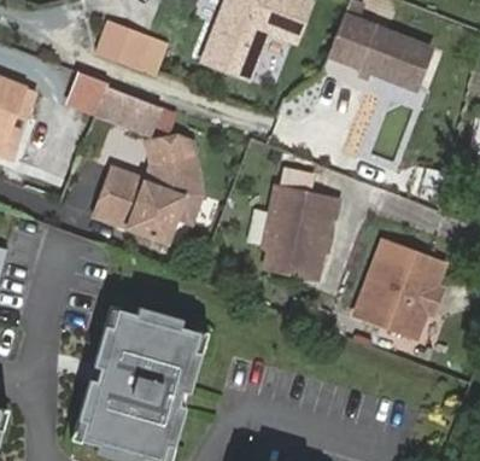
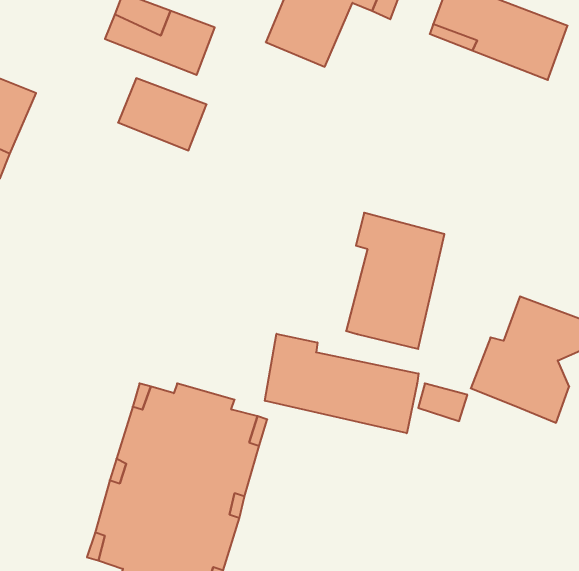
building: [65,72,110,117] -> none
building: [98,134,204,241] -> none
building: none -> [265,334,419,433]

